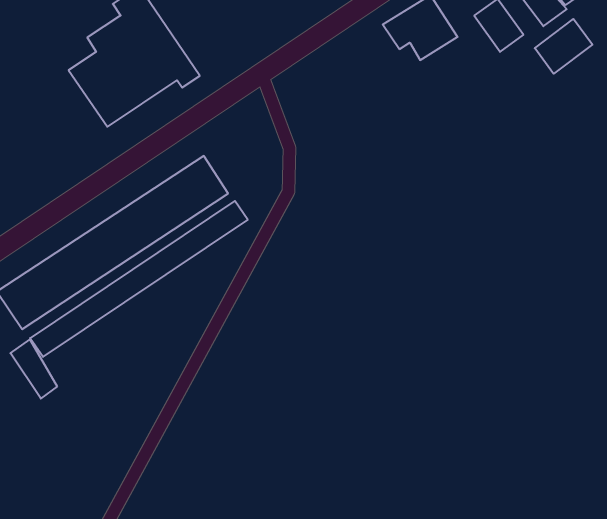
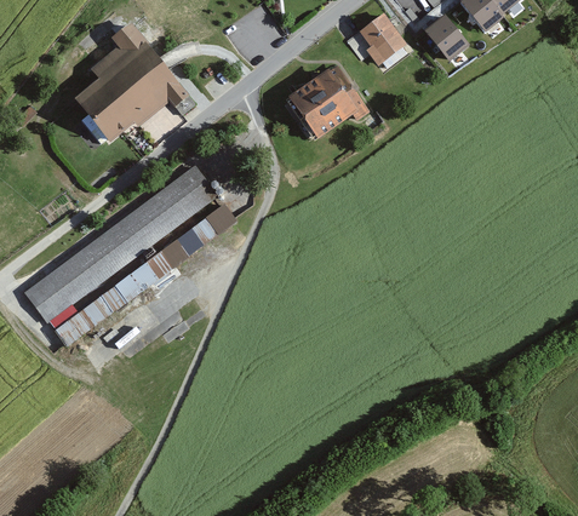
building: [535,19,592,74] -> none
building: none -> [291,64,368,136]
building: [10,340,57,399] -> none

